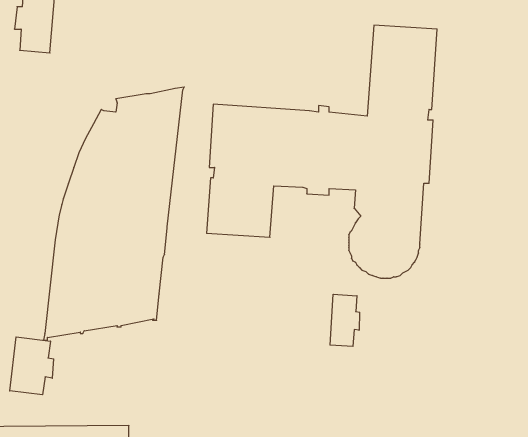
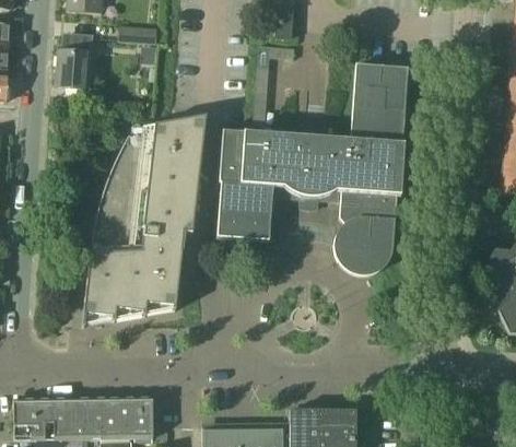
building: [330,294,360,346] -> none
building: [10,337,54,395] -> none

